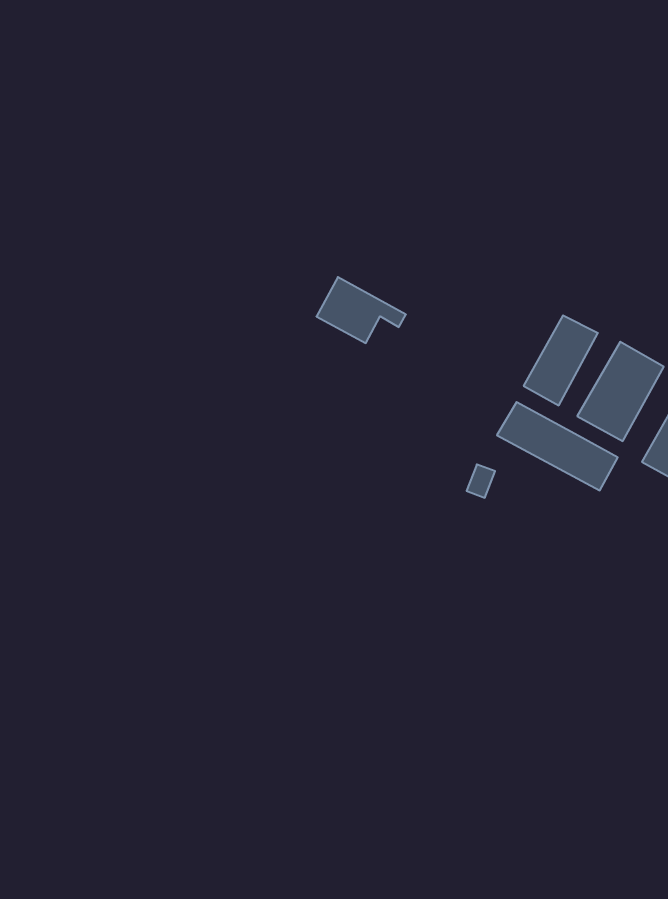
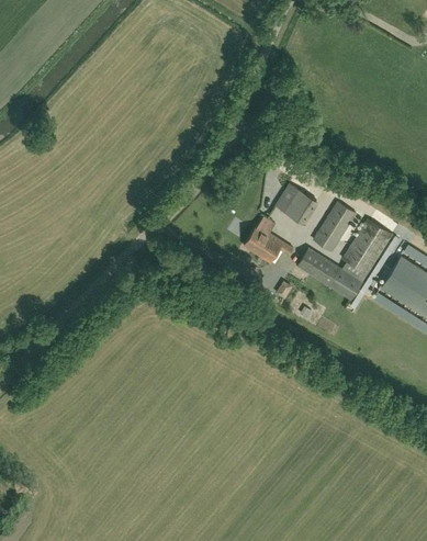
building: [316,277,406,343] -> [244,225,293,262]
building: none -> [276,182,319,225]

